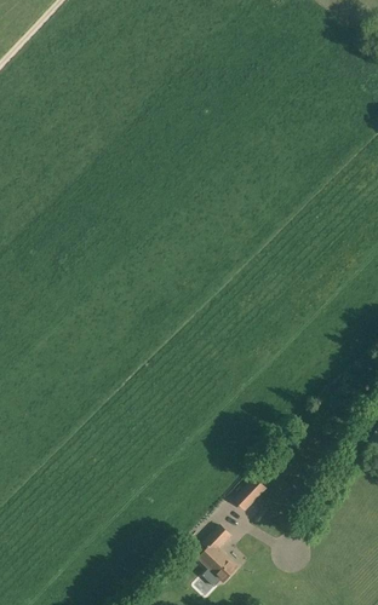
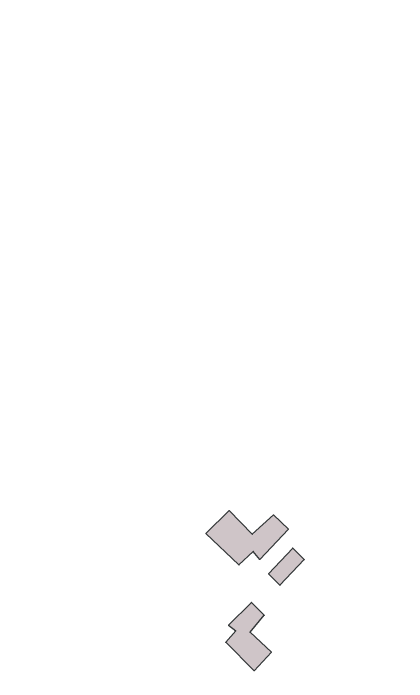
building: none -> [206,511,288,565]

